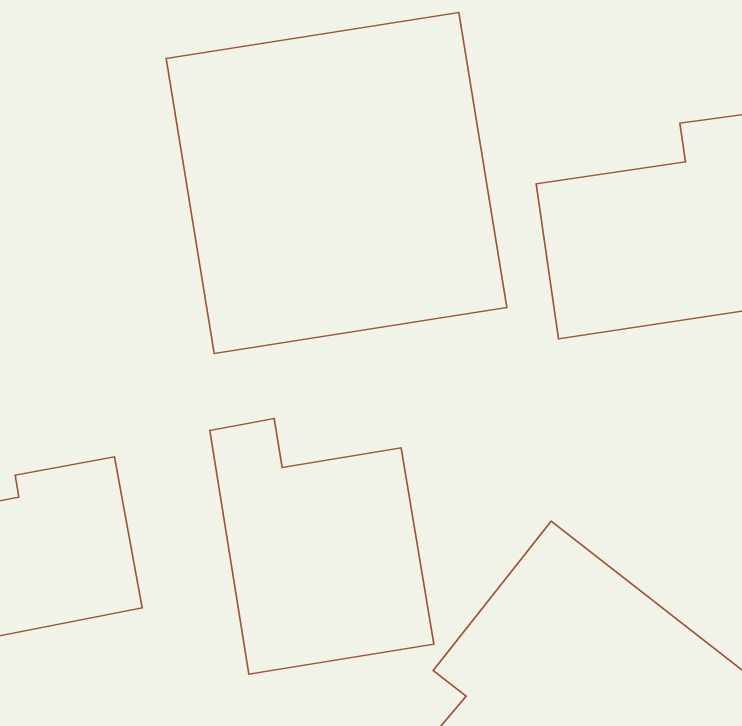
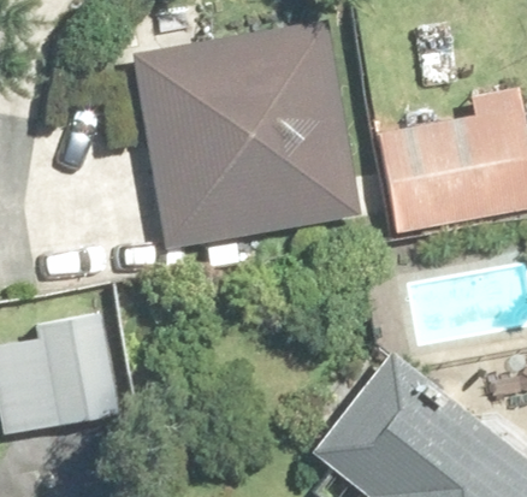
building: [210,418,434,674] -> none

